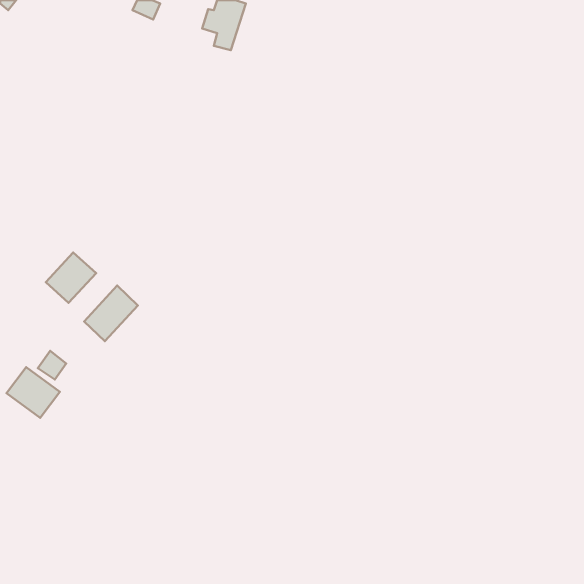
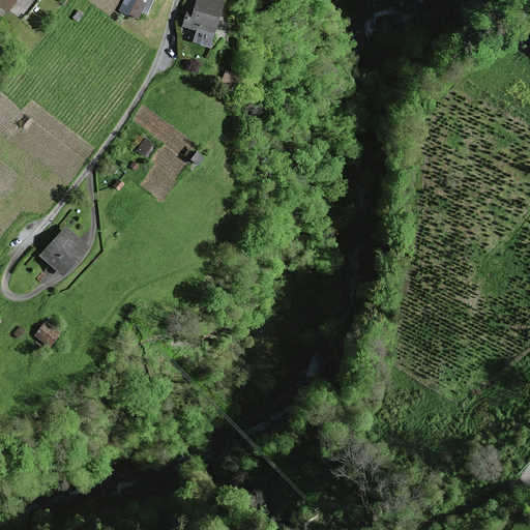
building: [84,286,138,341] -> none
building: [6,367,60,418] -> none

